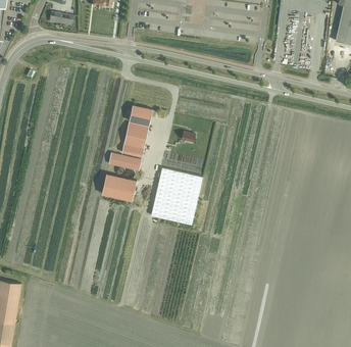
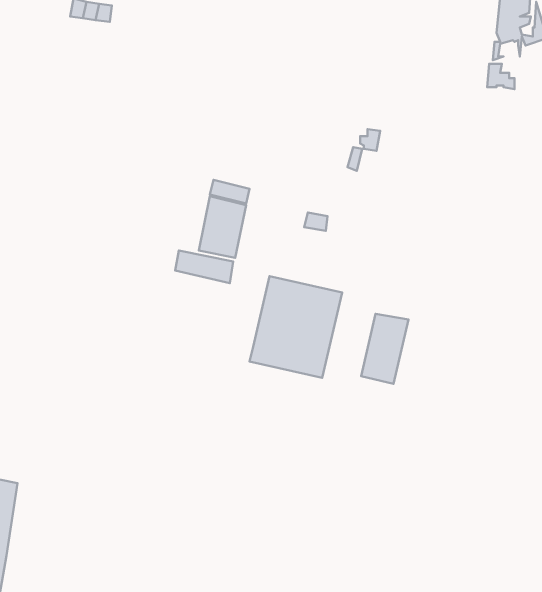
building: [101,175,137,201] -> none
building: none -> [361,314,408,384]

